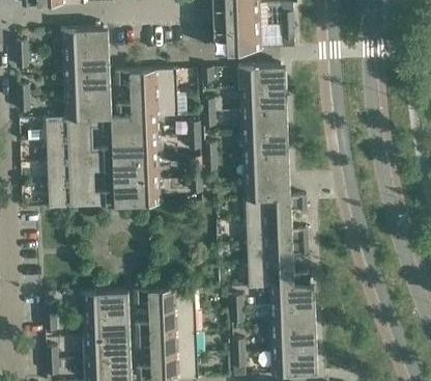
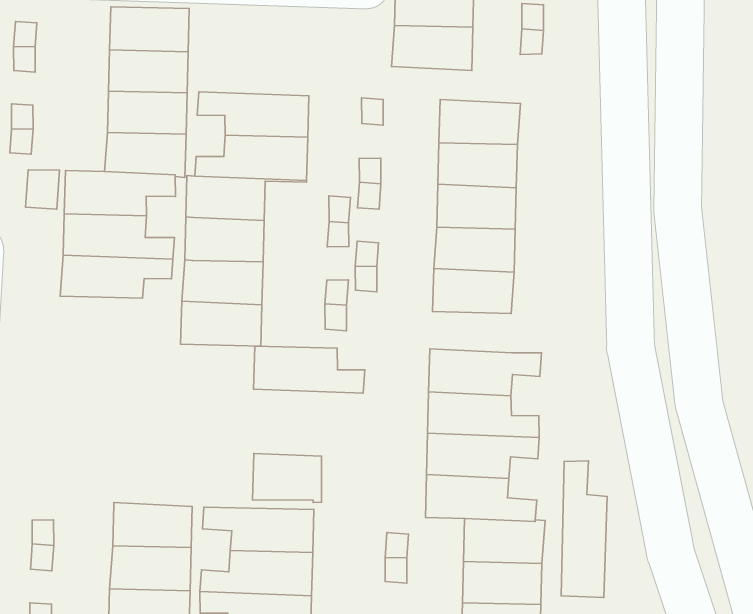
building: [247,178,290,199] -> none
building: [50,184,109,209] -> [253,346,365,393]
building: none -> [561,461,607,597]
building: none -> [252,453,322,502]

